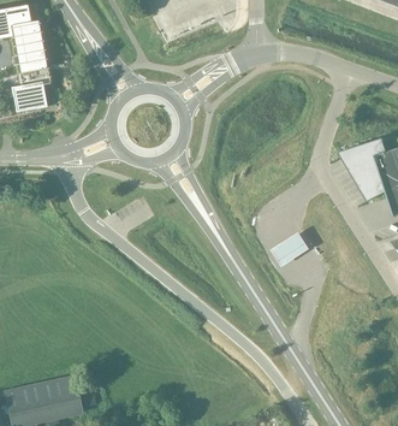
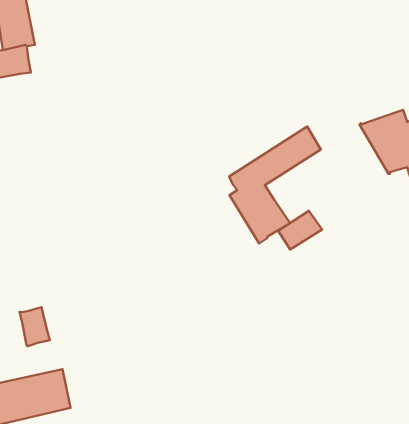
building: none -> [229,126,321,243]
building: none -> [19,307,50,346]

